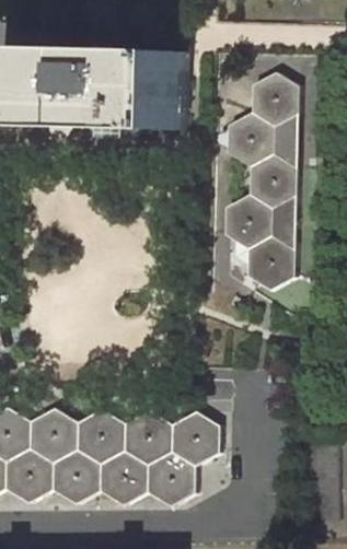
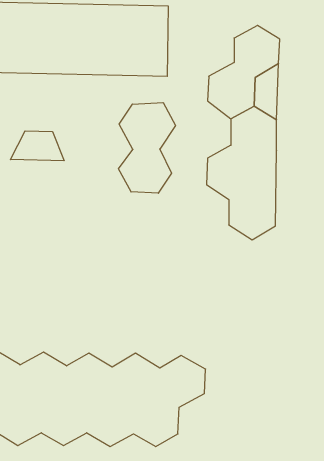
building: none -> [119,103,176,193]
building: none -> [10,131,64,161]

